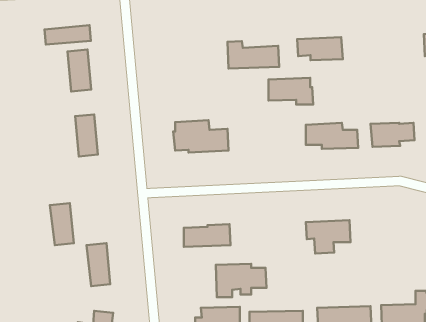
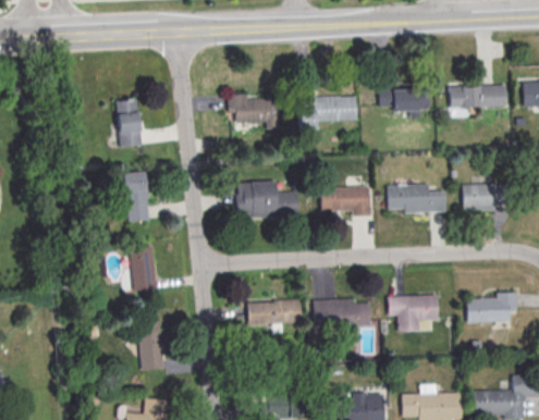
building: [44,25,91,45] -> none
building: none -> [450,85,506,109]
building: none -> [228,95,279,124]
building: [268,78,313,104] -> [321,186,372,217]
building: [50,203,74,245] -> [130,246,157,294]
building: none -> [467,293,517,323]
building: [216,264,266,297] -> [314,299,371,337]

